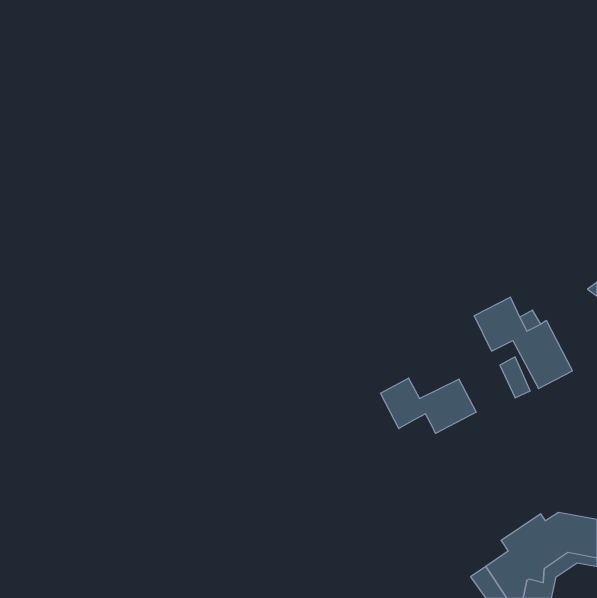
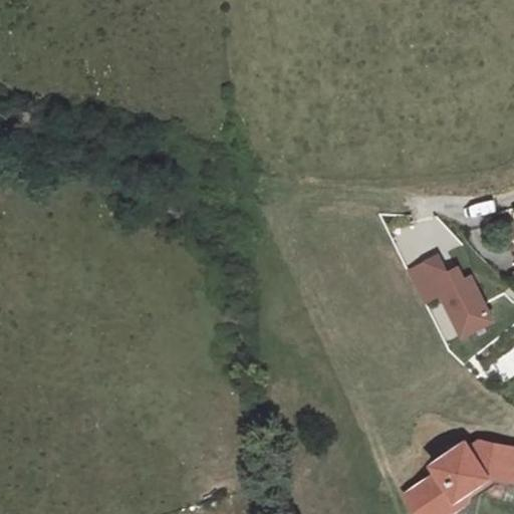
building: [381,378,476,433] -> none

